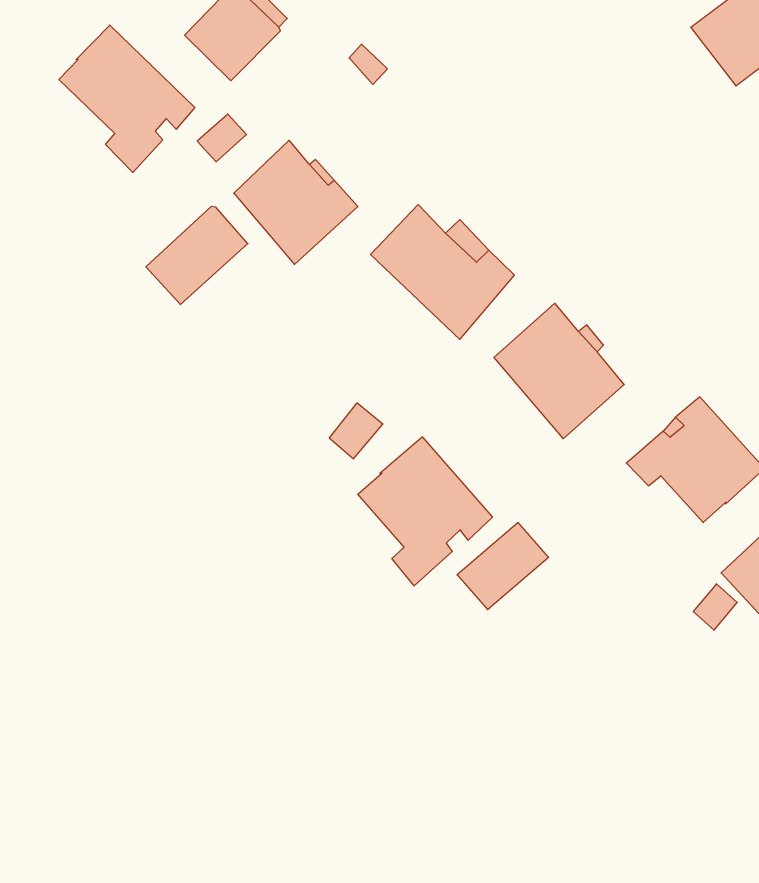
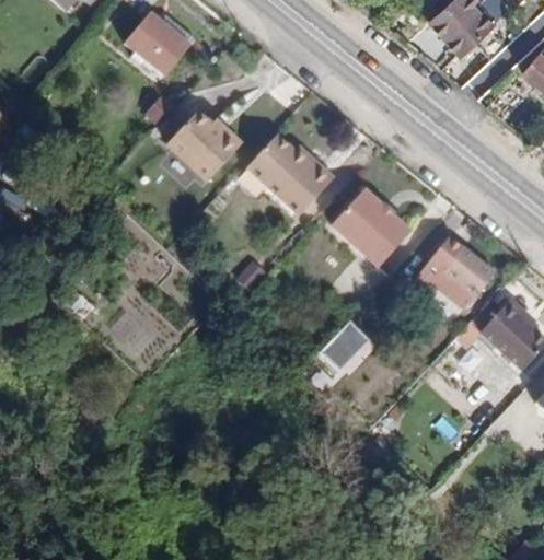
building: [59,25,195,172] -> none
building: [146,206,248,305] -> none
building: [358,437,492,586] -> none

